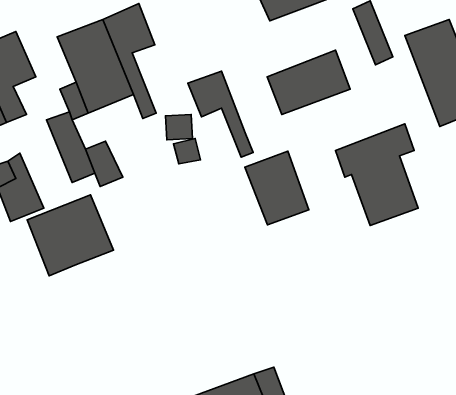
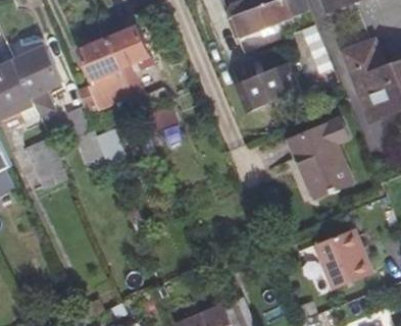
building: [188,71,253,157] -> none
building: [245,151,309,225] -> none
building: [27,195,114,276] -> none
building: none -> [313,227,373,290]

